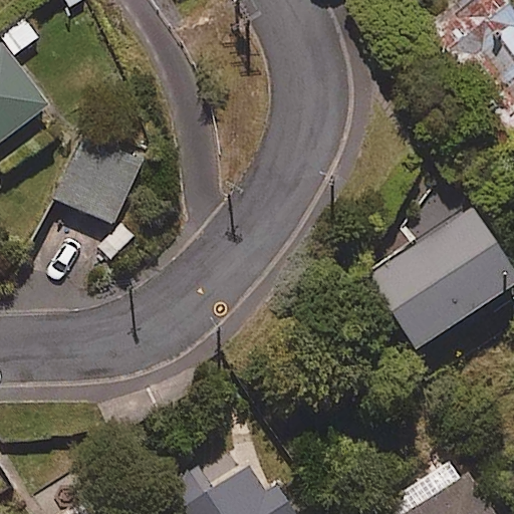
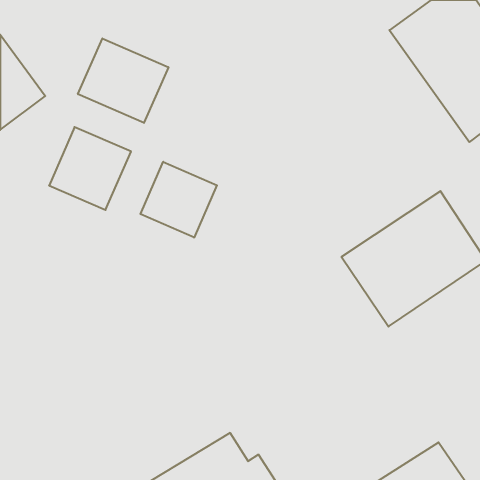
building: none -> [78,38,168,123]
building: none -> [140,162,217,238]

